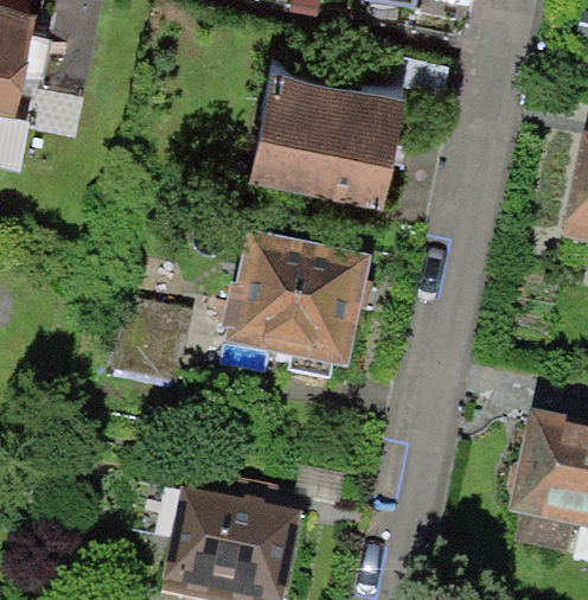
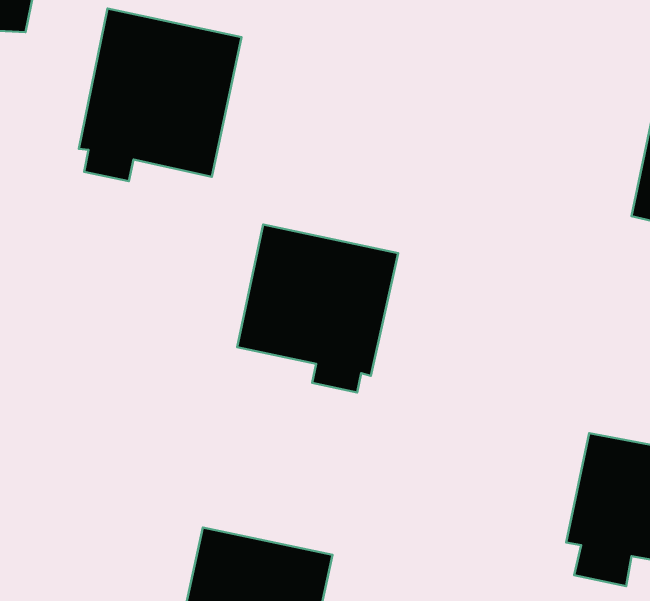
building: none -> [79,8,242,181]
building: [250,62,397,179] -> none

